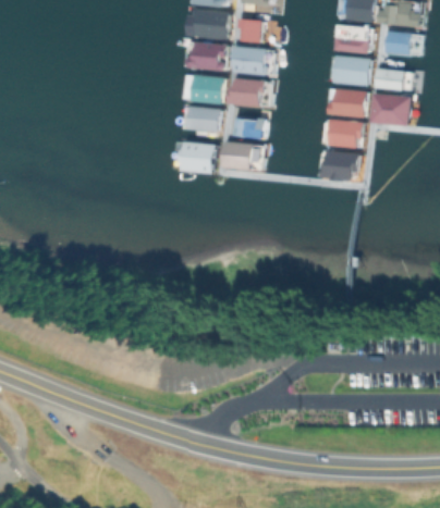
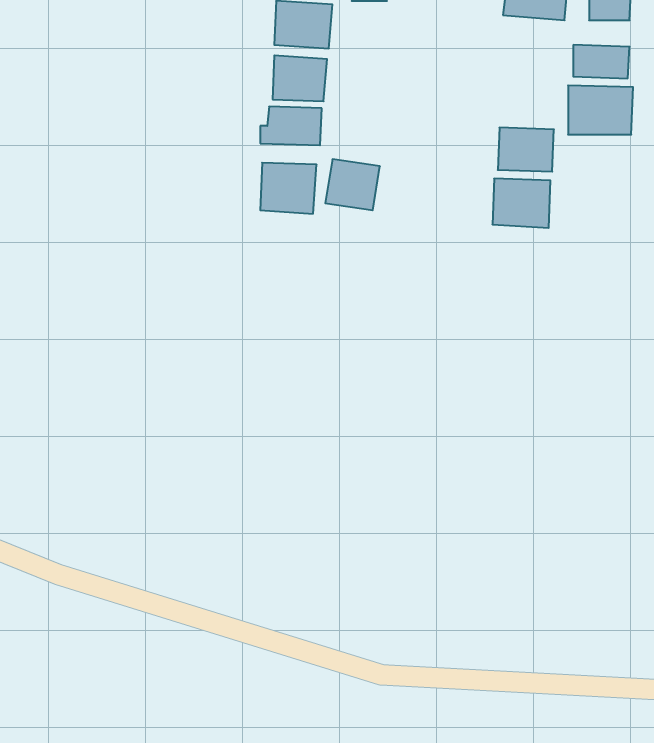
building: [231,46,266,74] -> none
building: [331,53,371,86] -> none
building: [228,77,261,106] -> none
building: [330,87,367,117] -> none

